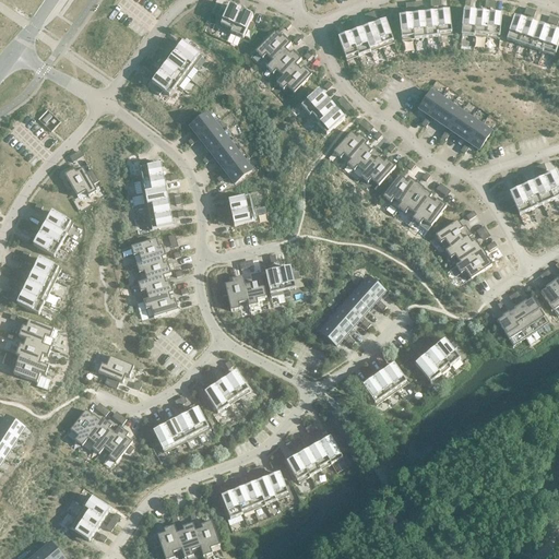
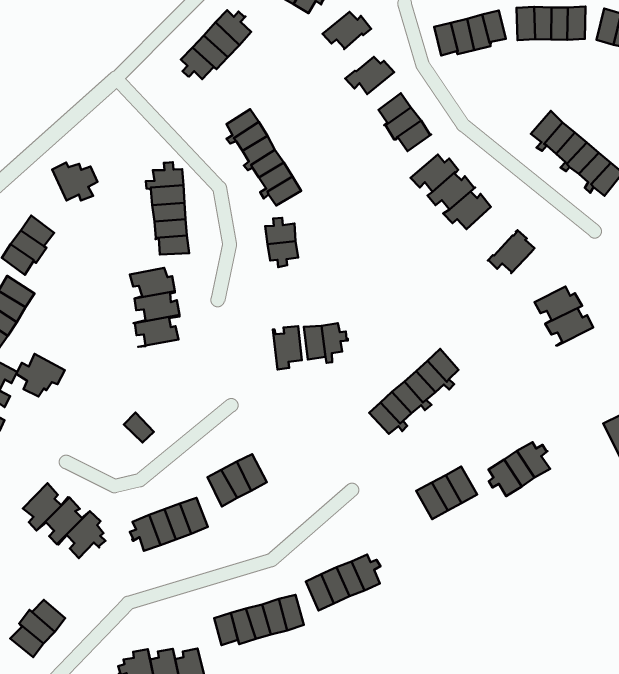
building: [264,46,299,74] -> none
building: [381,173,415,201] -> none
building: [411,195,444,224] -> none
building: [454,247,490,276] -> none
building: [218,274,247,308] -> none
building: [141,289,176,316] -> none
building: [96,354,132,385] -> [16,354,65,397]

